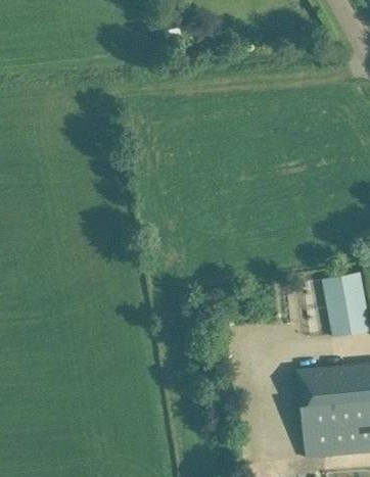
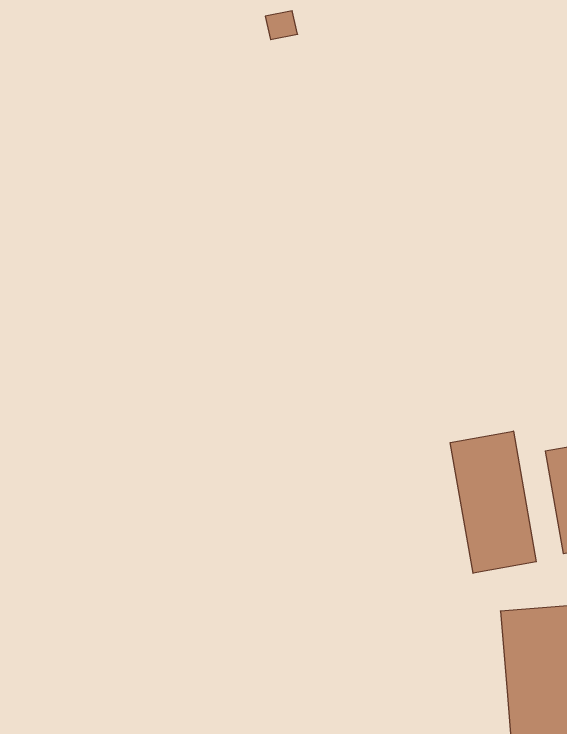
building: none -> [450,431,536,573]

